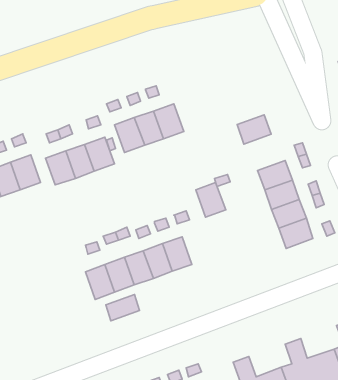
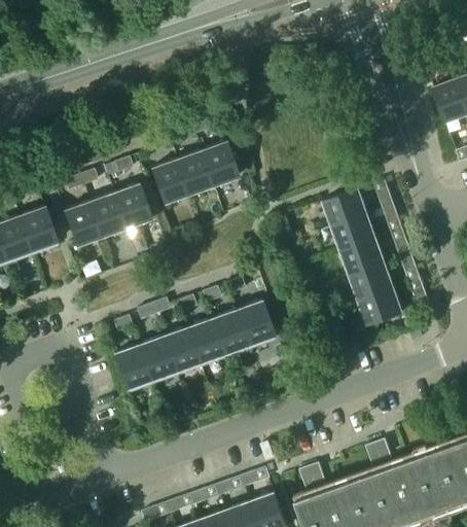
building: [237,115,271,144] -> [323,189,366,226]
building: [196,182,226,217] -> [236,302,274,346]
building: [106,295,140,321] -> none

